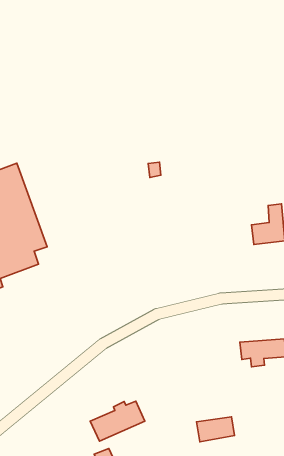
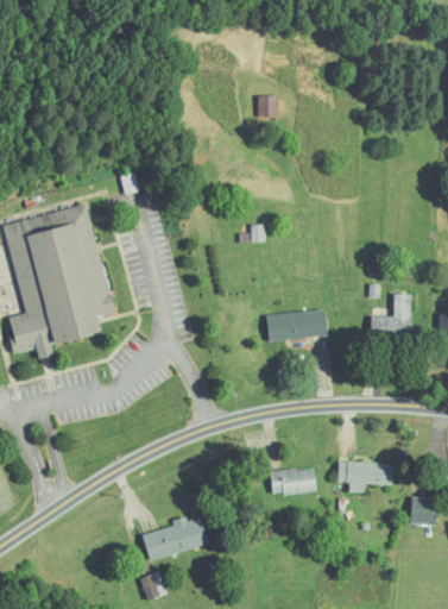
building: none -> [255,95,277,119]
building: none -> [265,309,327,343]
building: [197,417,235,442] -> [270,469,315,495]

